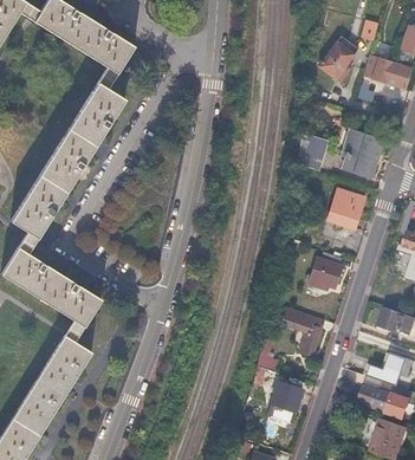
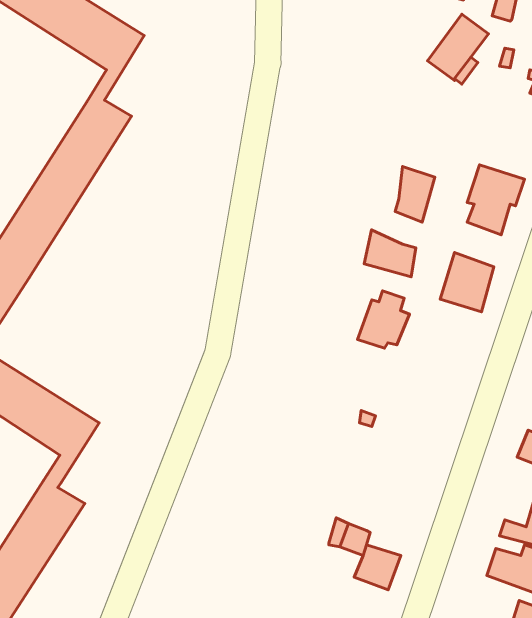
building: none -> [364,230,416,277]
building: [309,251,343,289] -> [357,291,409,348]
building: [283,305,326,355] -> none

